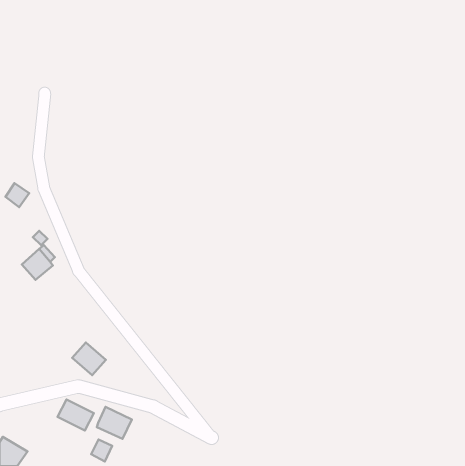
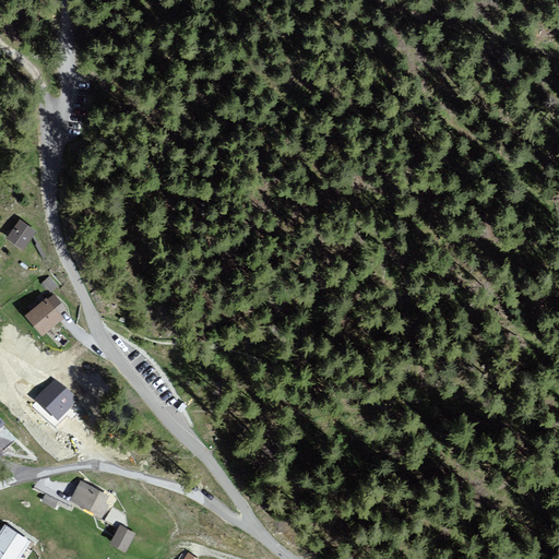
building: [72,342,106,375] -> [34,386,74,426]
building: [97,407,132,439] -> none

